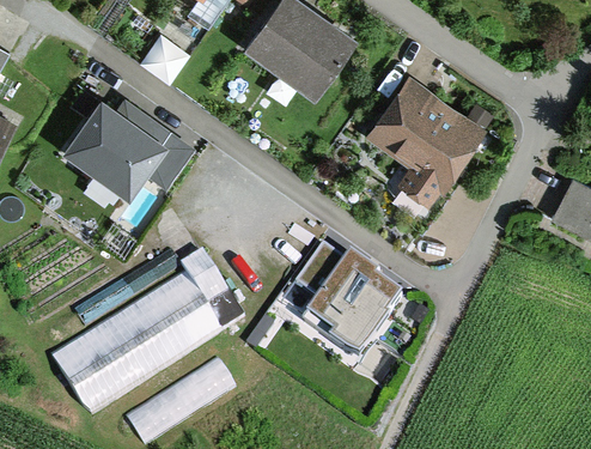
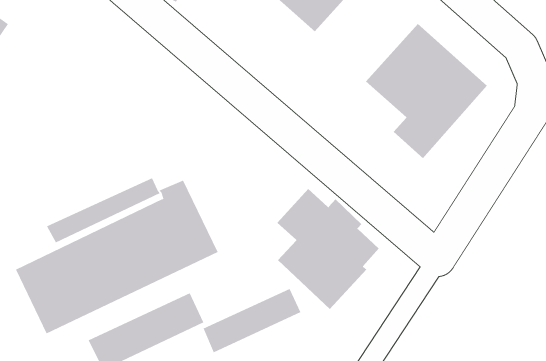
building: [56,96,195,199] -> none
building: none -> [203,288,301,353]

